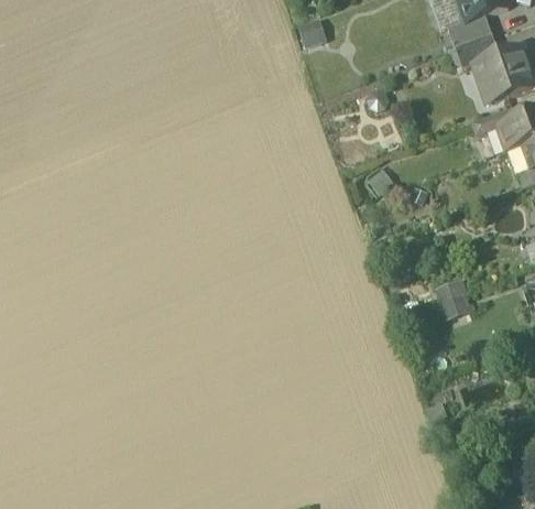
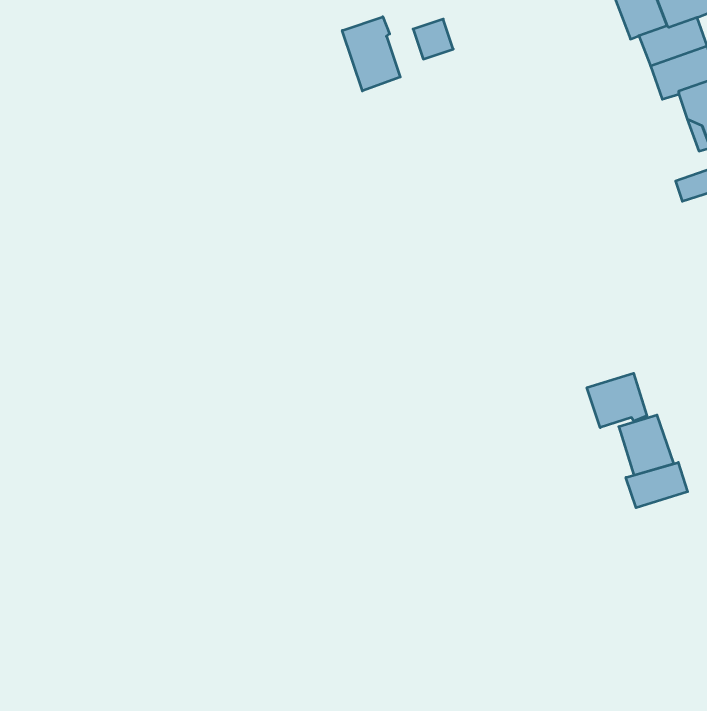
building: none -> [342,17,400,91]
building: none -> [587,373,647,428]
building: none -> [626,462,688,508]

